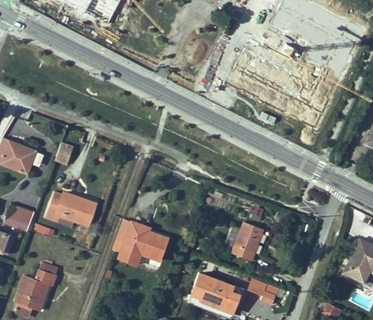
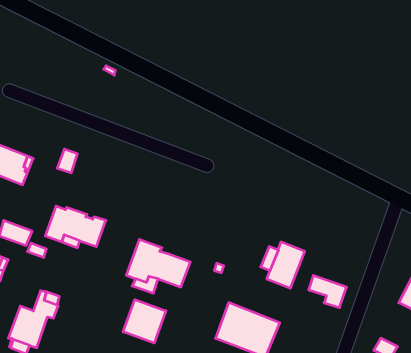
building: none -> [123,300,166,343]
building: [245,277,277,304] -> [309,275,347,308]

